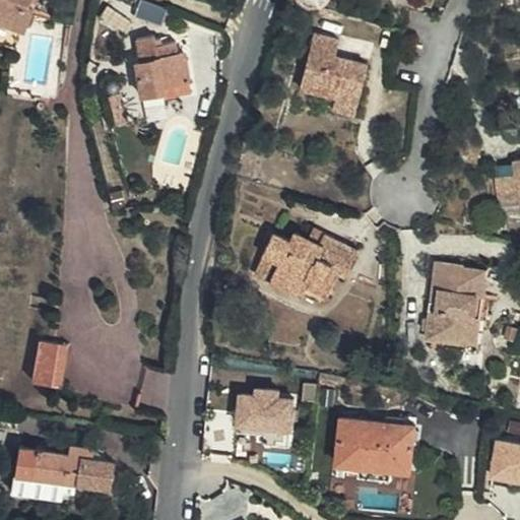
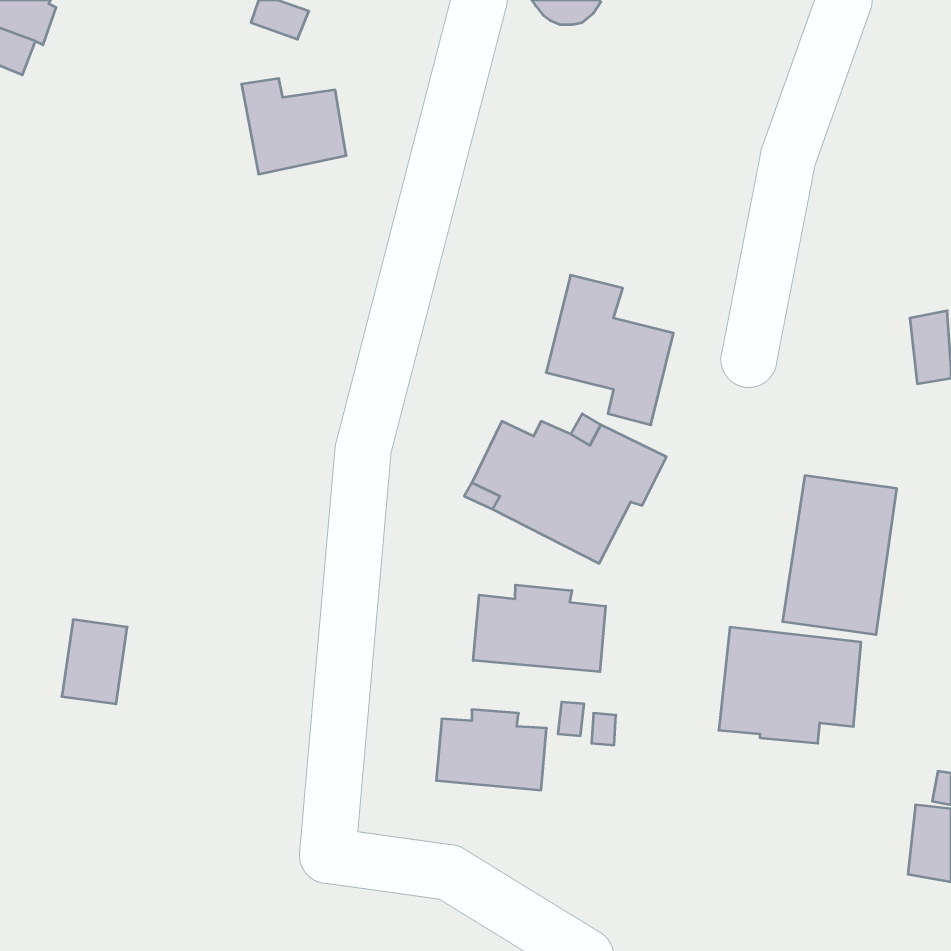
building: [298,35,367,116] -> [546,275,673,425]
building: none -> [473,585,606,672]
building: [336,419,413,482] -> [719,627,861,743]
building: [13,444,117,498] -> none

